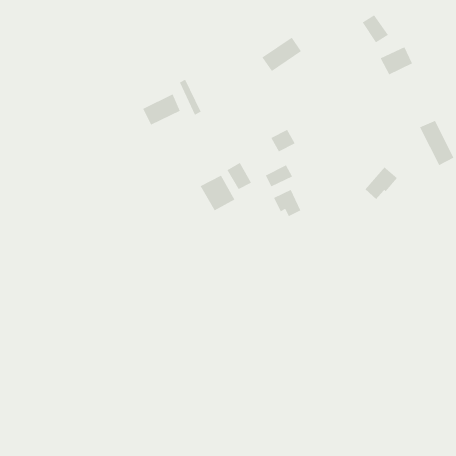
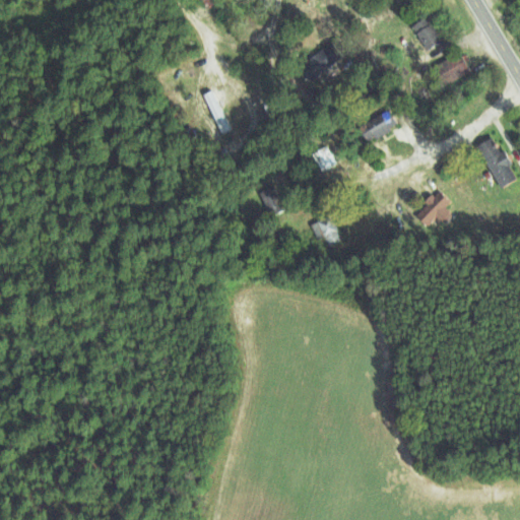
building: [142,94,180,126] -> none
building: none -> [360,111,398,144]
building: [265,165,293,187] -> none
building: [200,175,235,211] -> none

